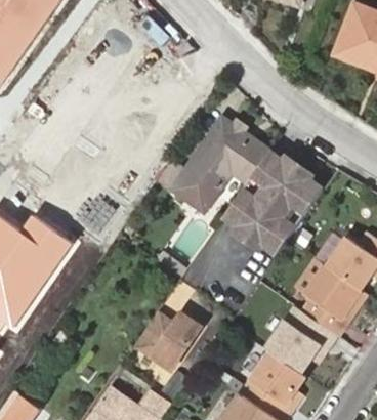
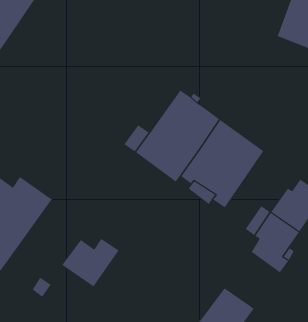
building: [267,300,337,366] -> none
building: [134,311,201,368] -> [62,238,120,287]

